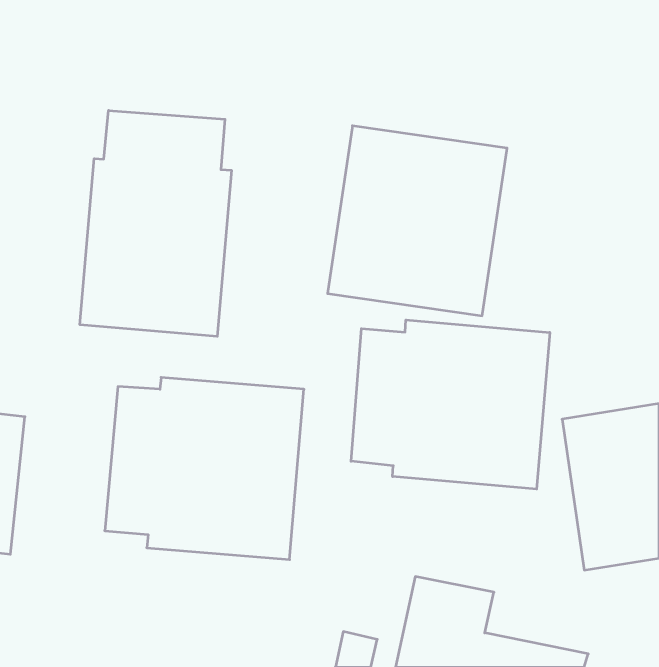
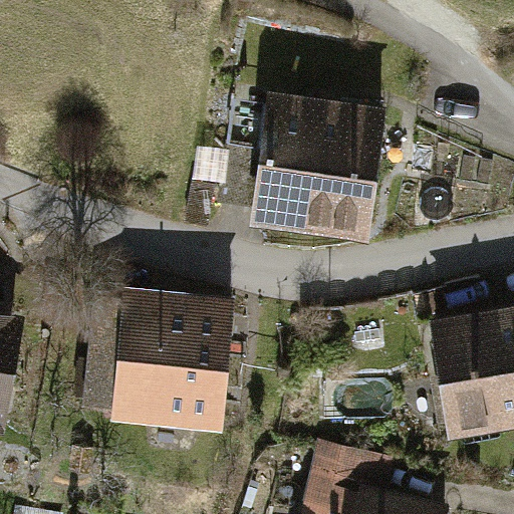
building: [80,110,231,336] -> none
building: [351,320,550,489] -> none

